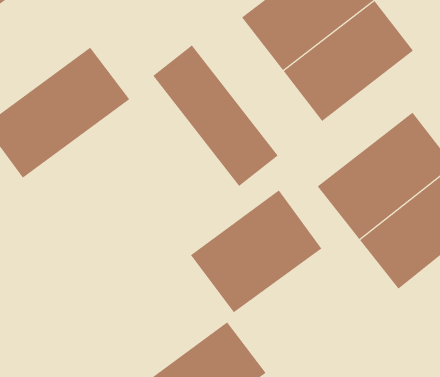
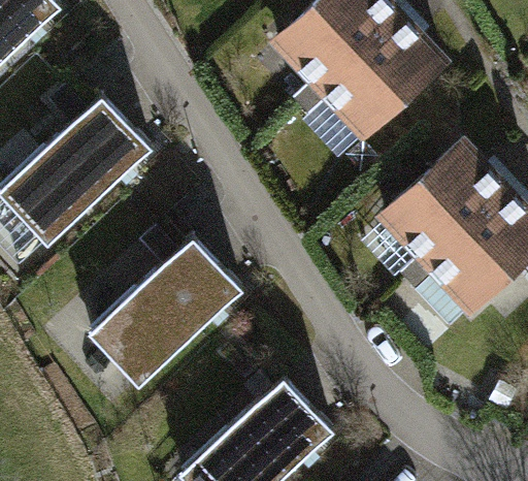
building: [153,45,279,187] -> none
building: none -> [88,239,241,389]
building: [190,190,322,313] -> none

